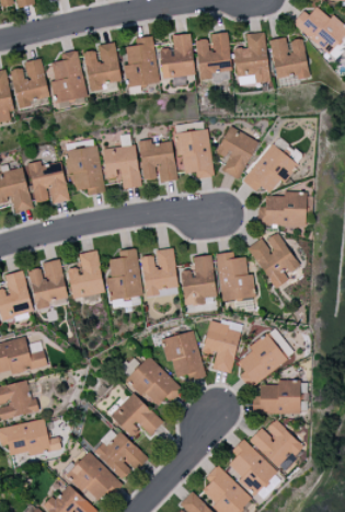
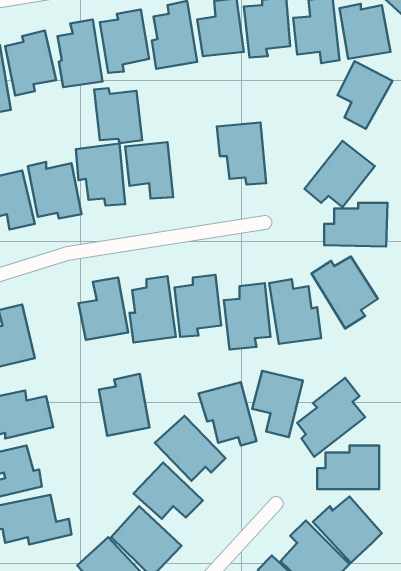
building: [216,126,258,178] -> [337,61,393,129]
building: [139,139,176,182] -> [94,88,142,143]
building: [28,258,68,306] -> [99,374,150,436]

